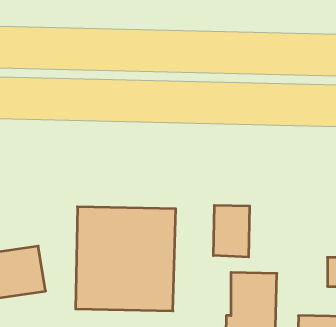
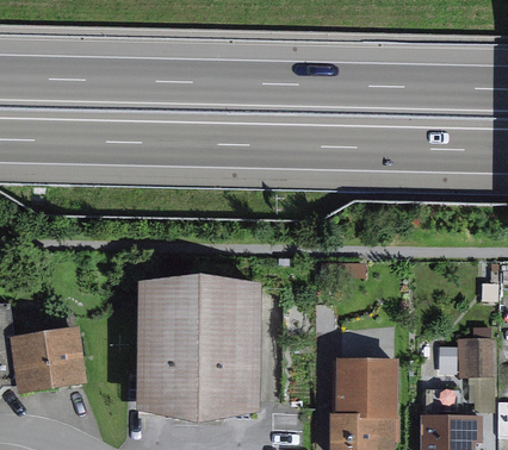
building: [213,205,250,257] -> none

